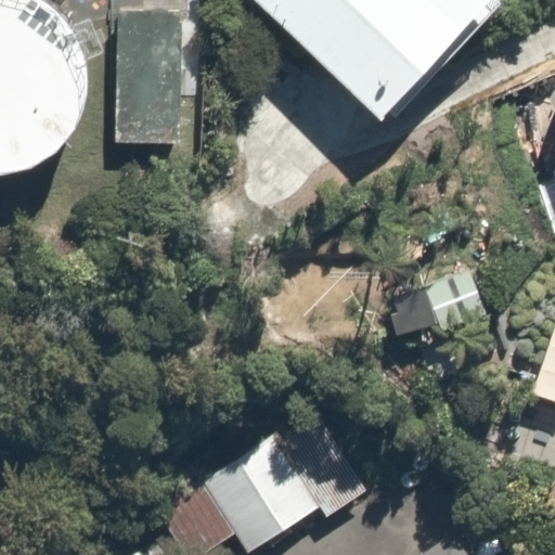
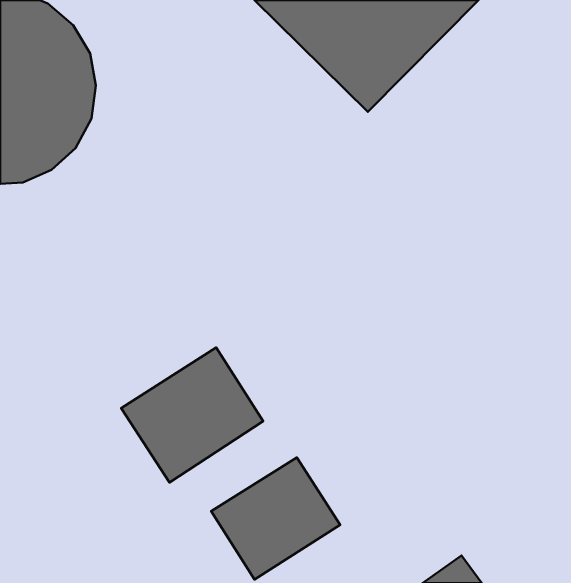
building: [107,5,178,137] -> none
building: none -> [121,347,263,482]

